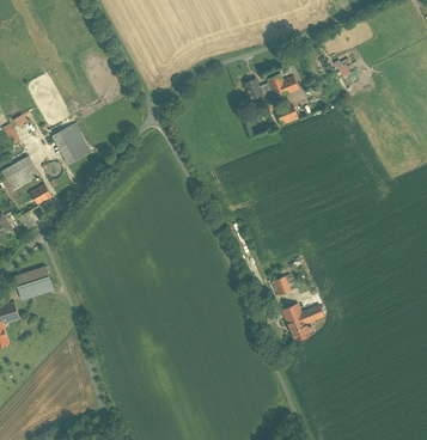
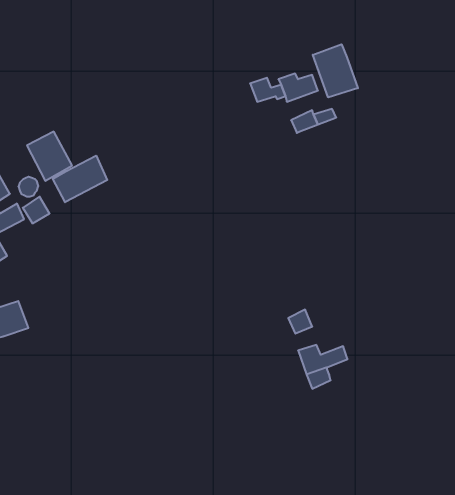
building: none -> [313,44,358,97]
building: none -> [53,156,107,202]

